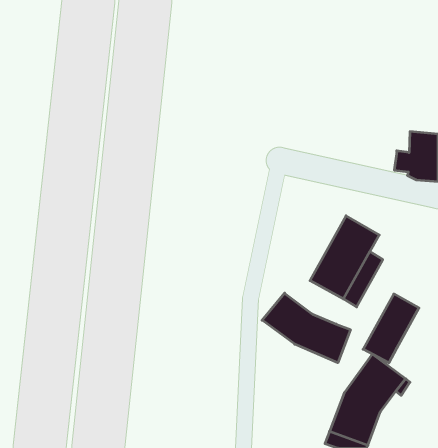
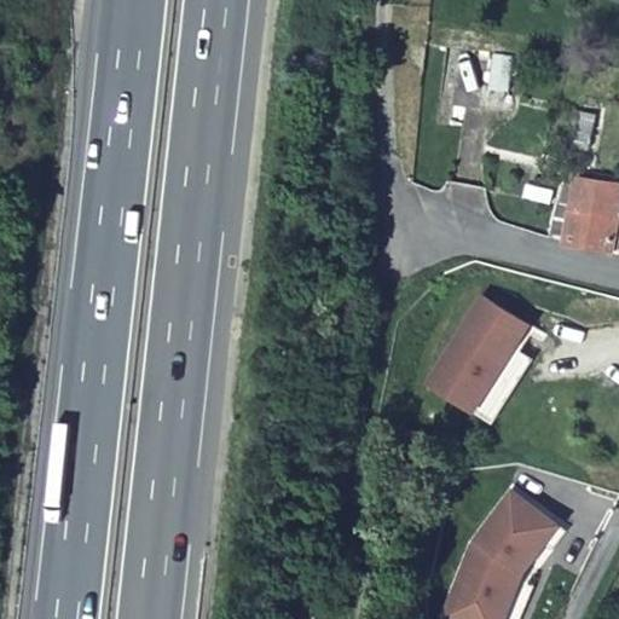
building: [262,293,350,363] -> none
building: [363,294,419,363] -> none

